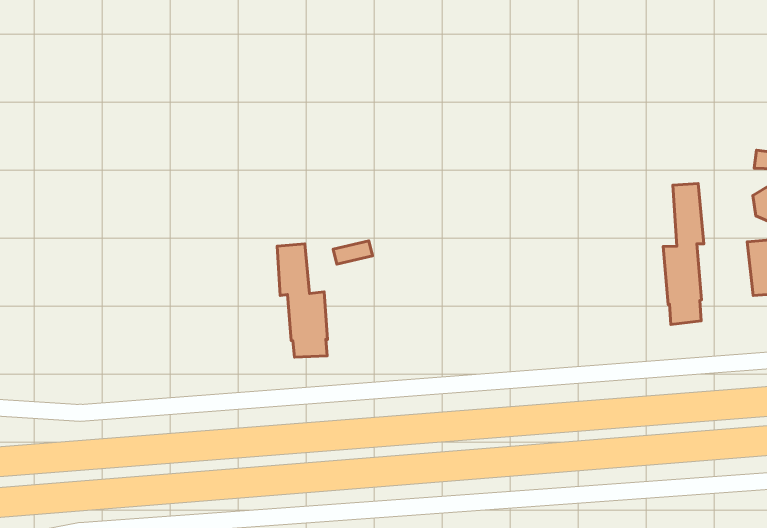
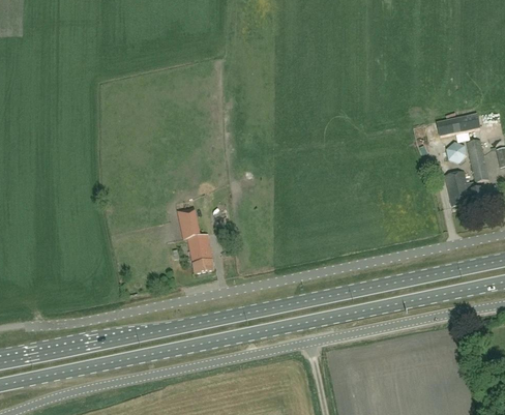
building: [663,183,704,324] -> none

